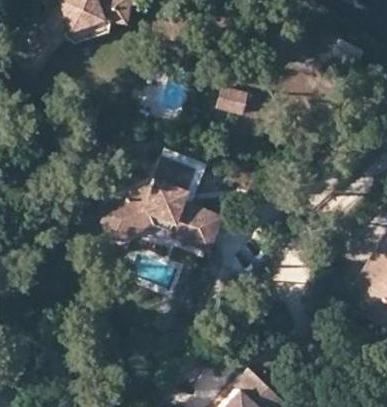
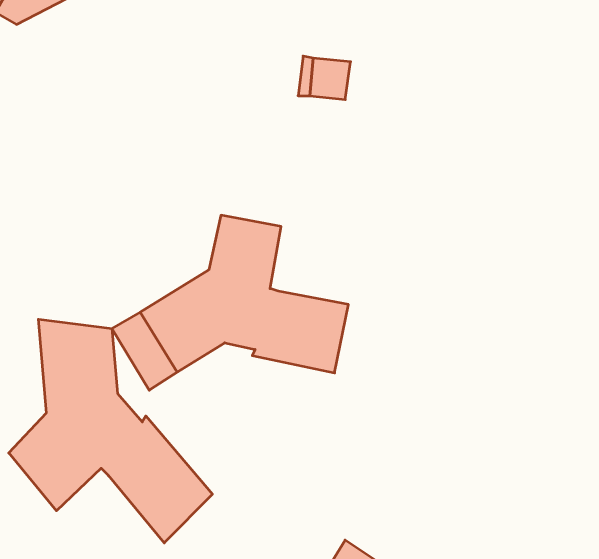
building: none -> [9,319,212,543]

